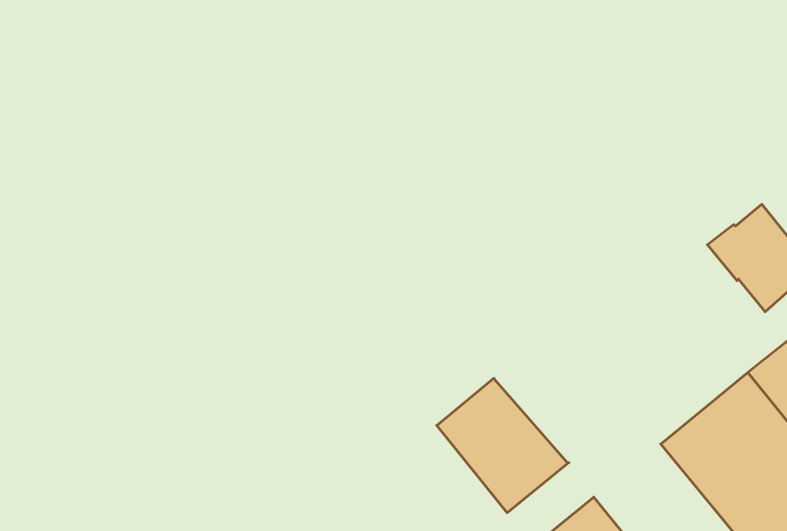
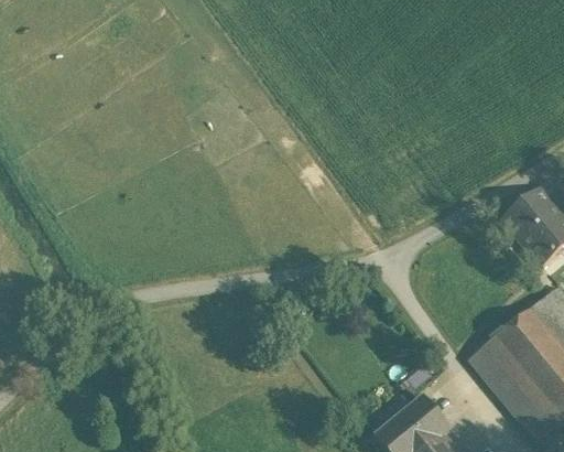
building: [437,378,569,513] -> none

